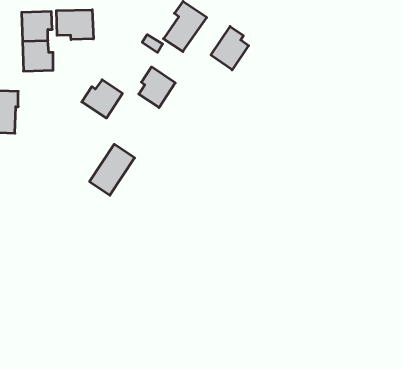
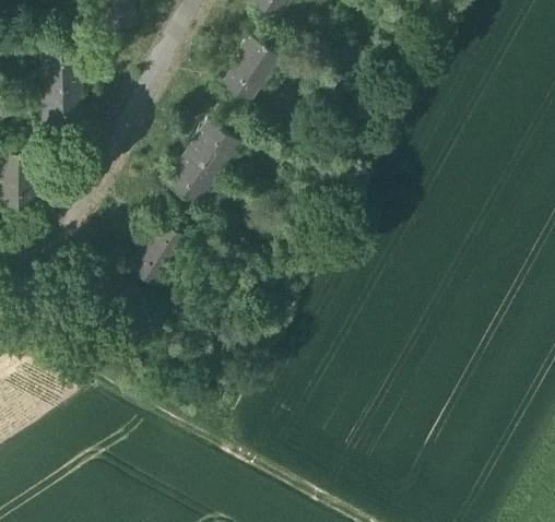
building: [56,10,93,40] -> none
building: [211,26,249,70] -> none
building: [82,80,122,118] -> [165,156,217,205]

